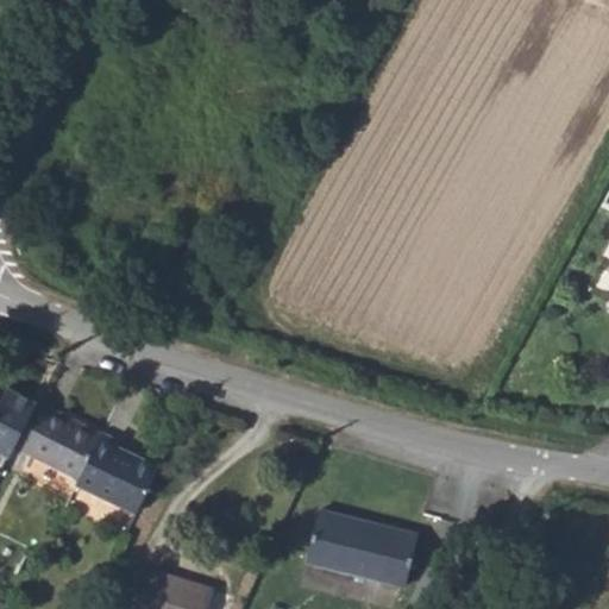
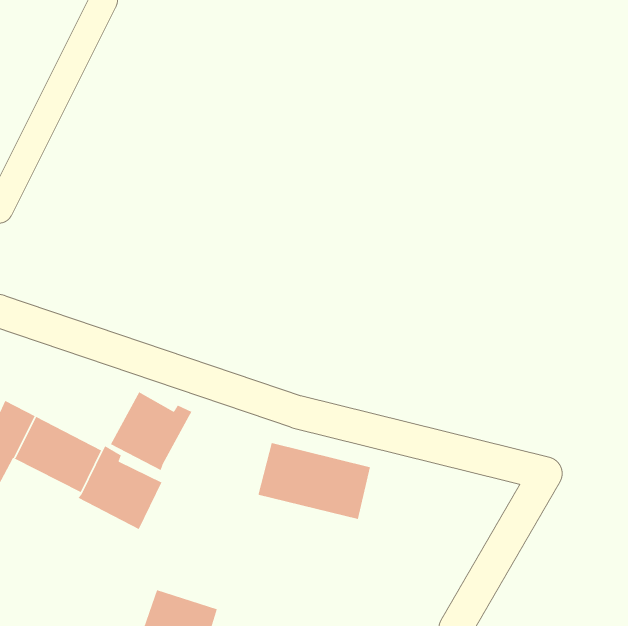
building: none -> [110,391,193,471]
building: [306,510,415,585] -> [258,442,371,520]

